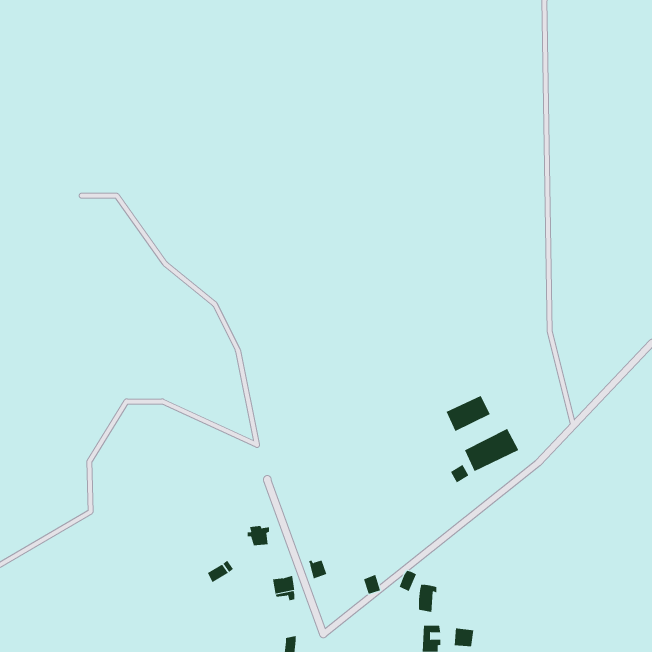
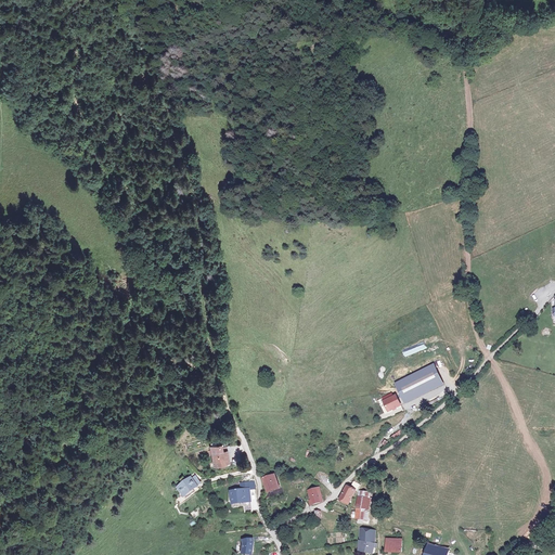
building: [446,395,491,432] -> none

